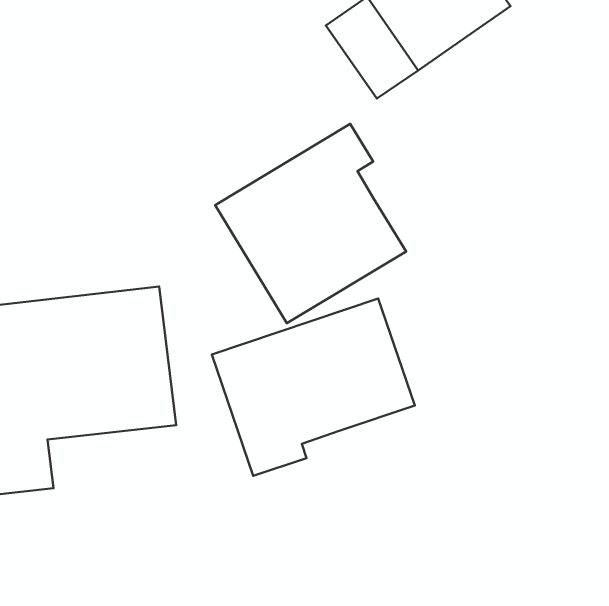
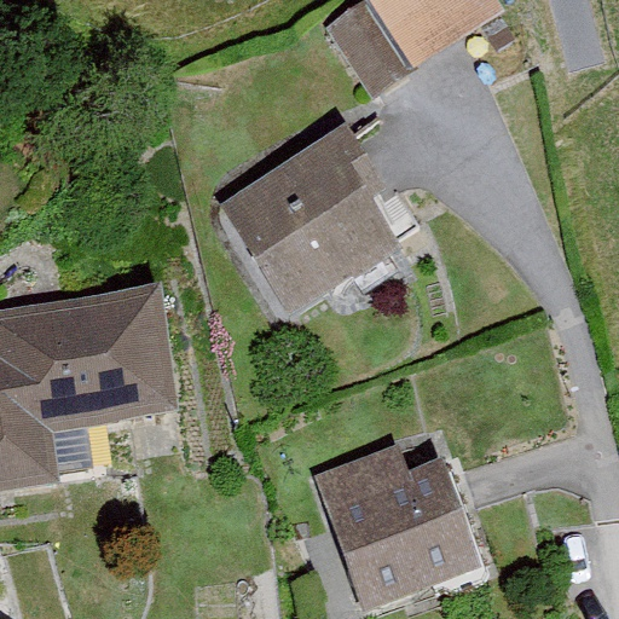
building: [212,298,415,476] -> none
building: none -> [313,442,481,597]

